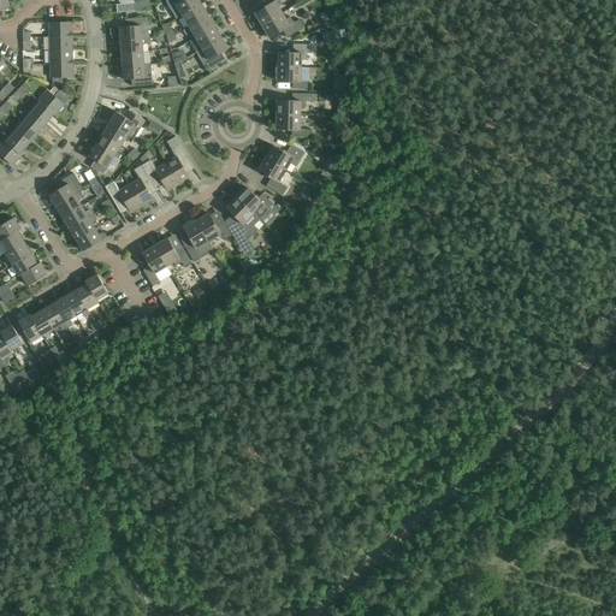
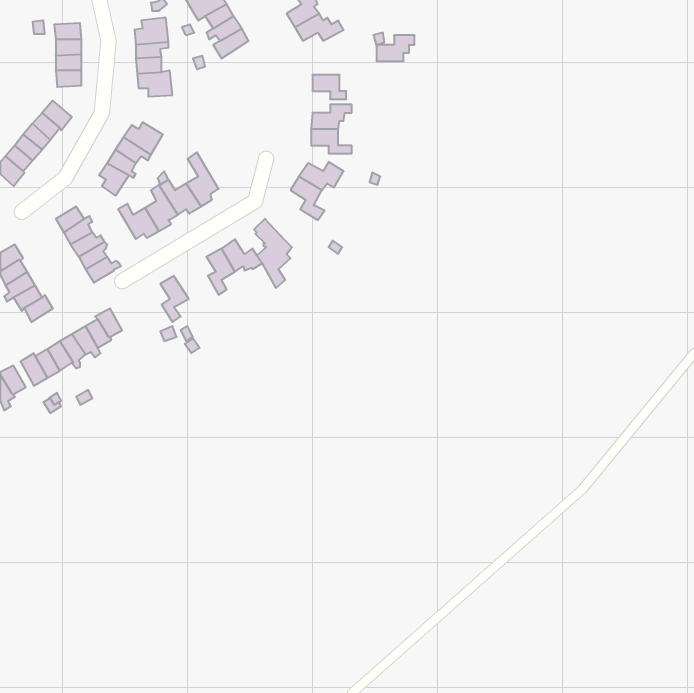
building: [196,36,227,70] -> none
building: [277,43,310,66] -> [376,35,415,61]
building: [235,185,282,219] -> none
building: [154,237,191,266] -> none

